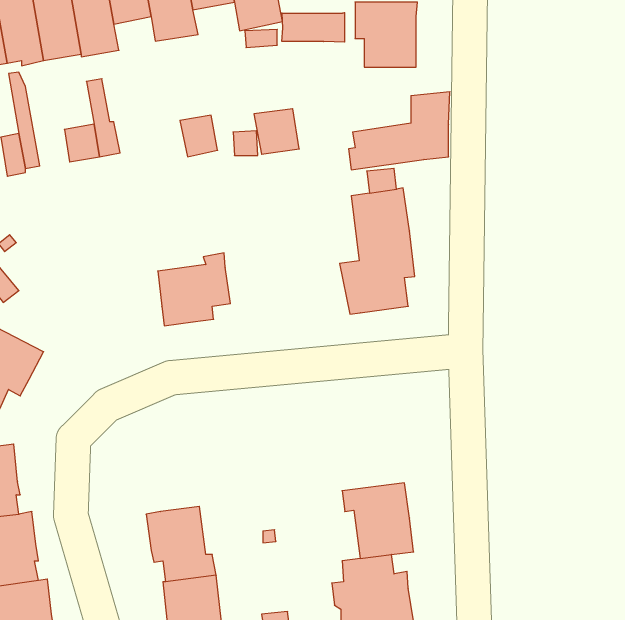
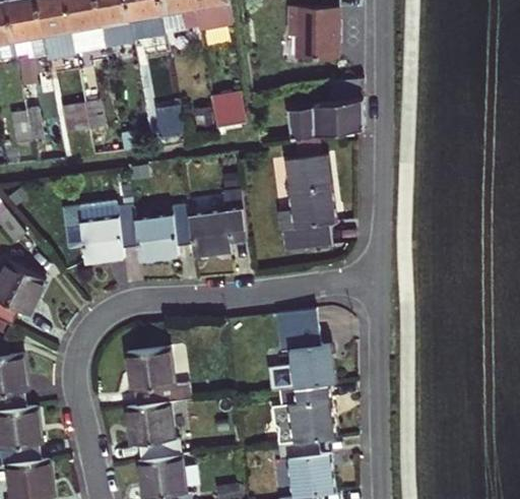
building: [282,13,345,42] -> none
building: none -> [188,189,248,257]
building: none -> [63,201,138,262]
building: none -> [274,308,336,391]
building: none -> [127,347,191,407]

